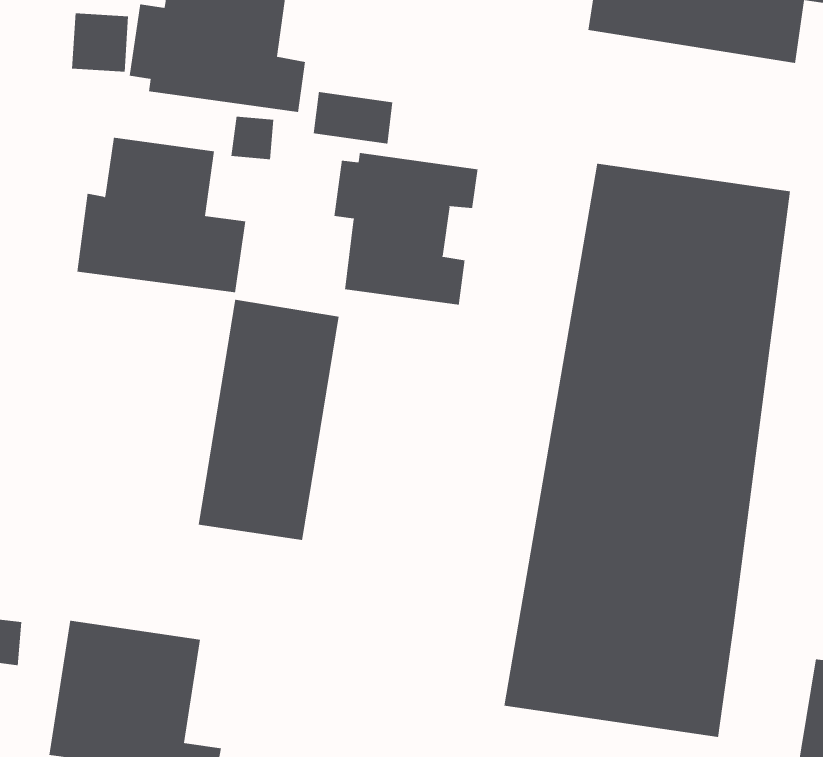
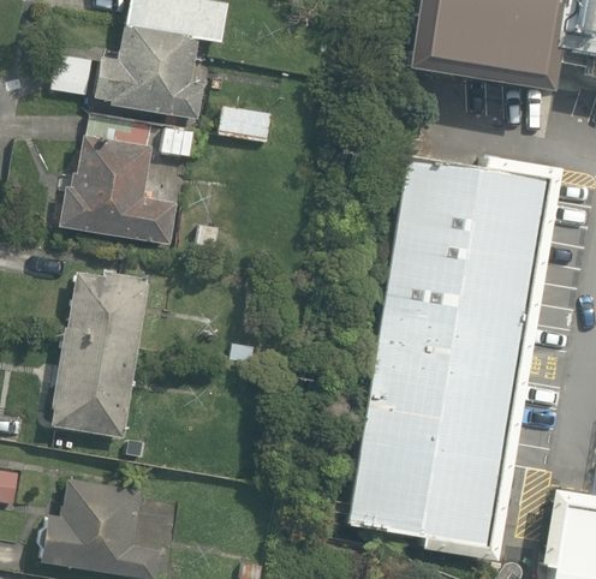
building: [334,152,478,305] -> none
building: [198,299,340,541] -> [49,269,147,435]

